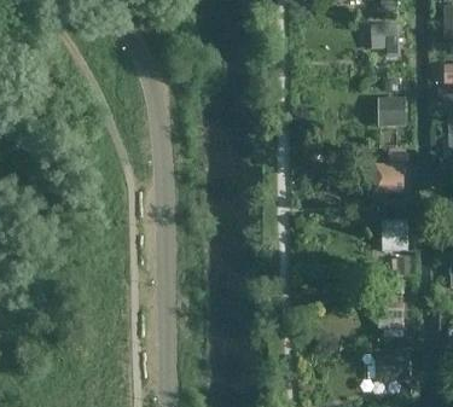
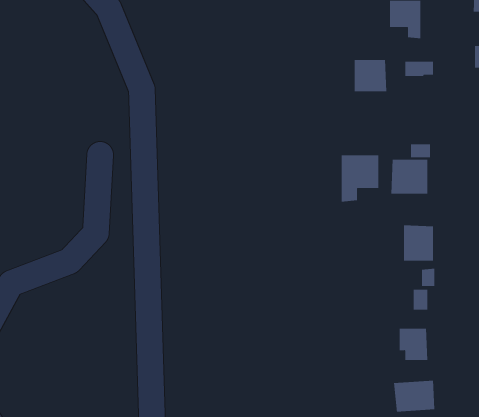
building: [377,97,406,124] -> [354,60,387,92]
building: none -> [341,154,379,203]

